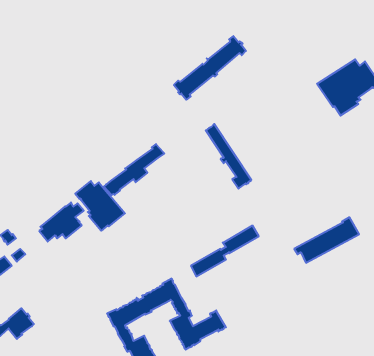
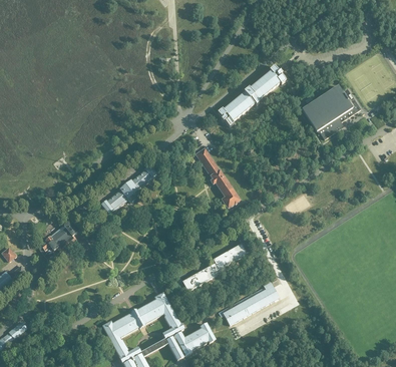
building: [174,36,246,100] -> [217,65,285,125]
building: [75,181,125,231] -> none
building: [294,217,359,263] -> [218,281,279,324]

